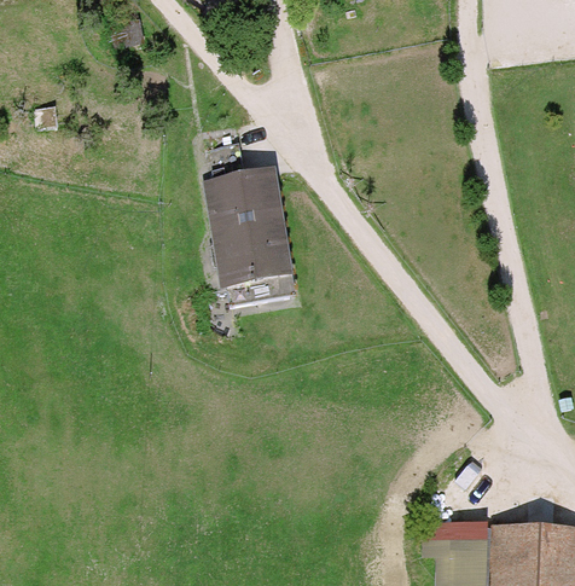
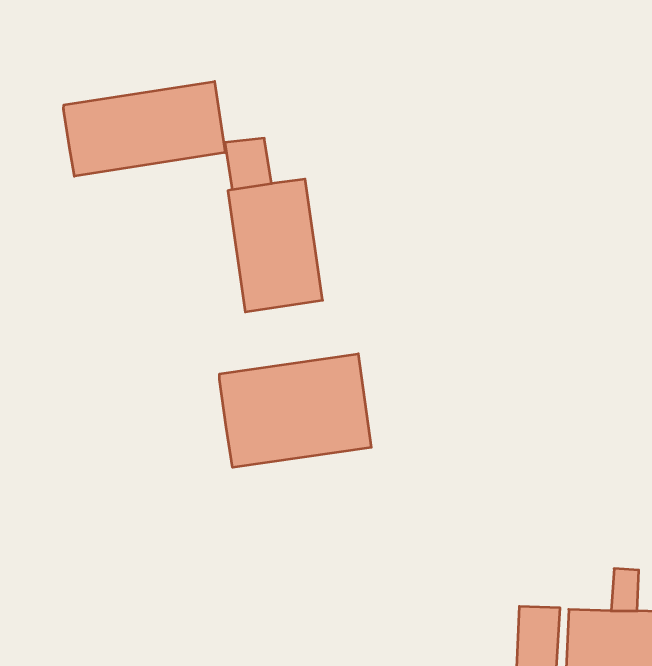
building: none -> [64,81,225,176]
building: none -> [219,354,371,467]

